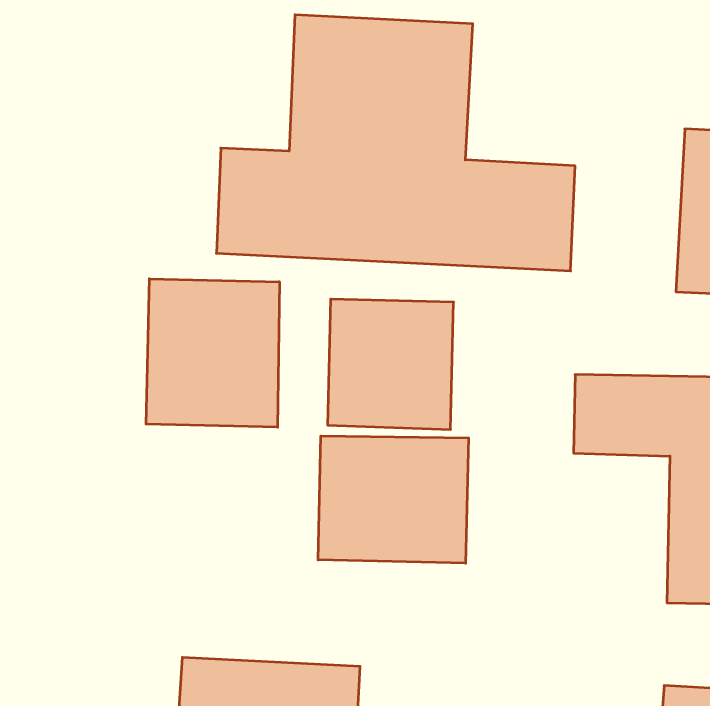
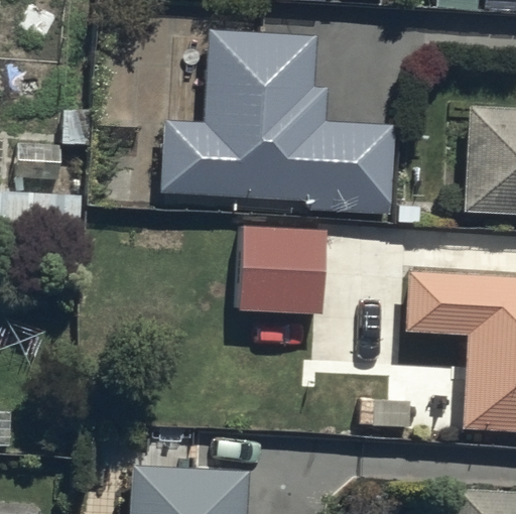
building: [146,279,279,427] -> none
building: [318,436,469,563] -> none

